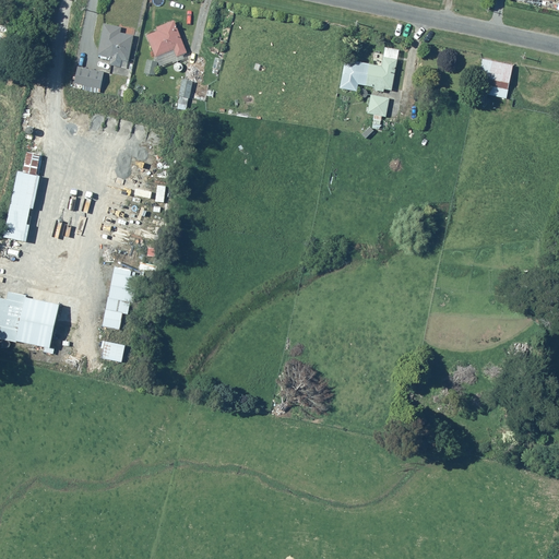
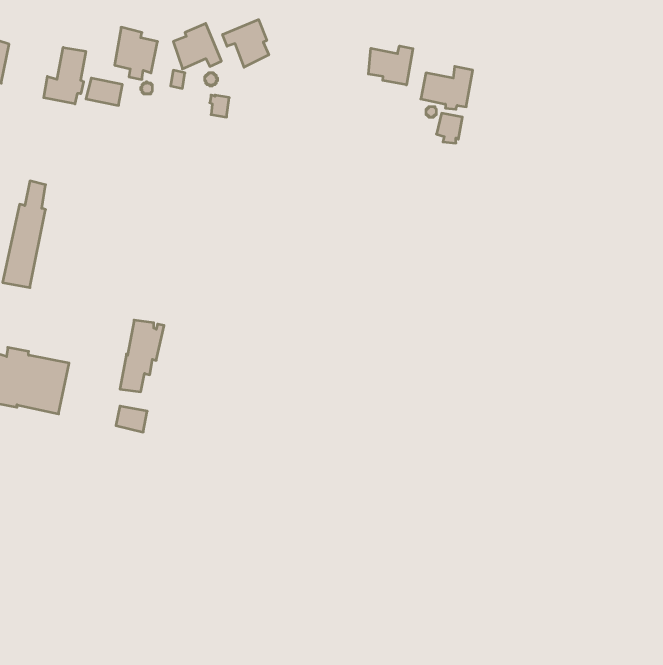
building: none -> [223,20,269,67]
building: none -> [368,46,413,85]
building: none -> [44,47,86,104]
building: [473,58,512,103] -> none

